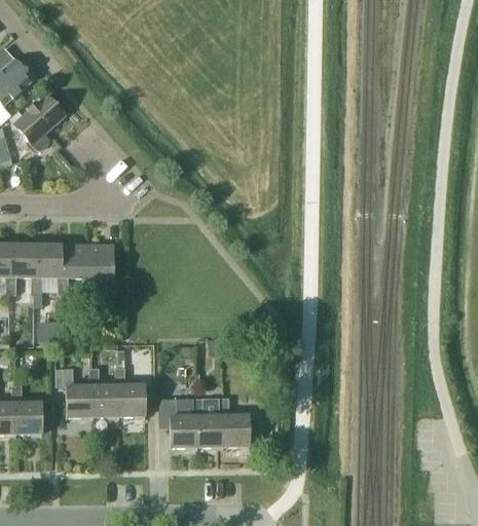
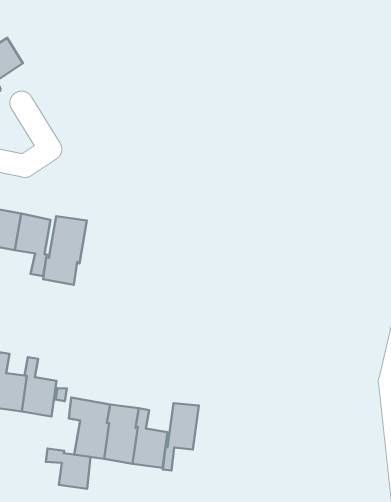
building: none -> [43,216,87,285]
building: none -> [163,403,199,470]
building: none -> [46,449,90,489]

